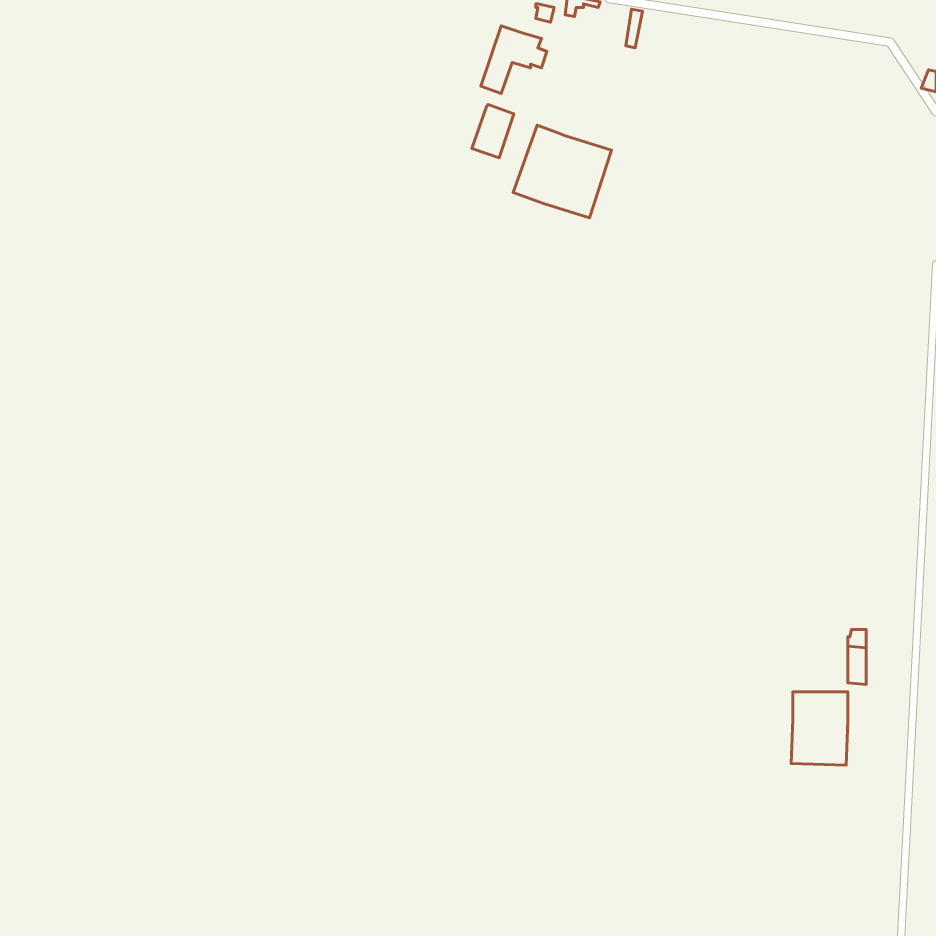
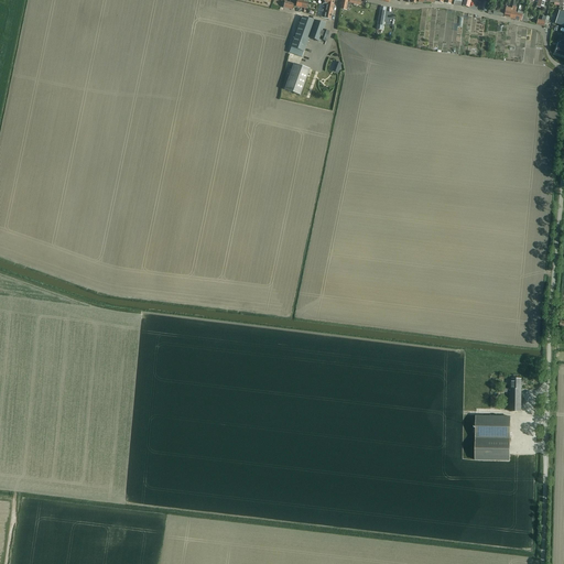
building: [513,125,612,218] -> none

